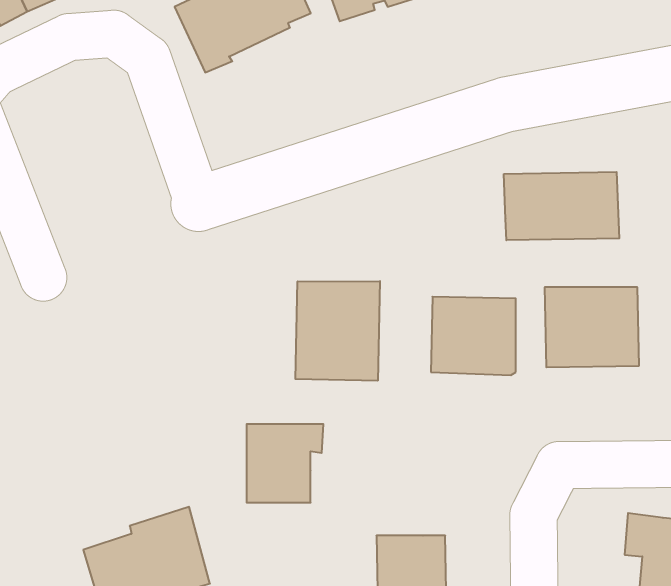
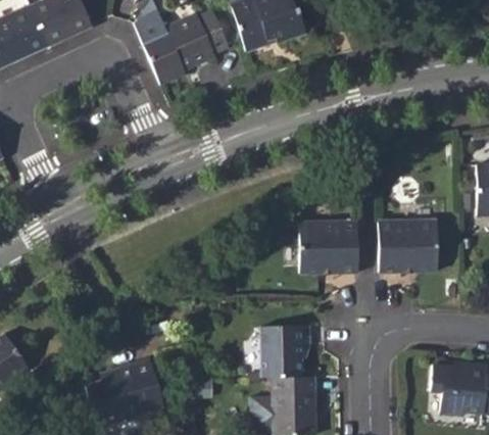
building: [504,172,619,240] -> none
building: [295,281,380,381] -> none
building: [247,424,323,503] -> [259,327,308,377]

